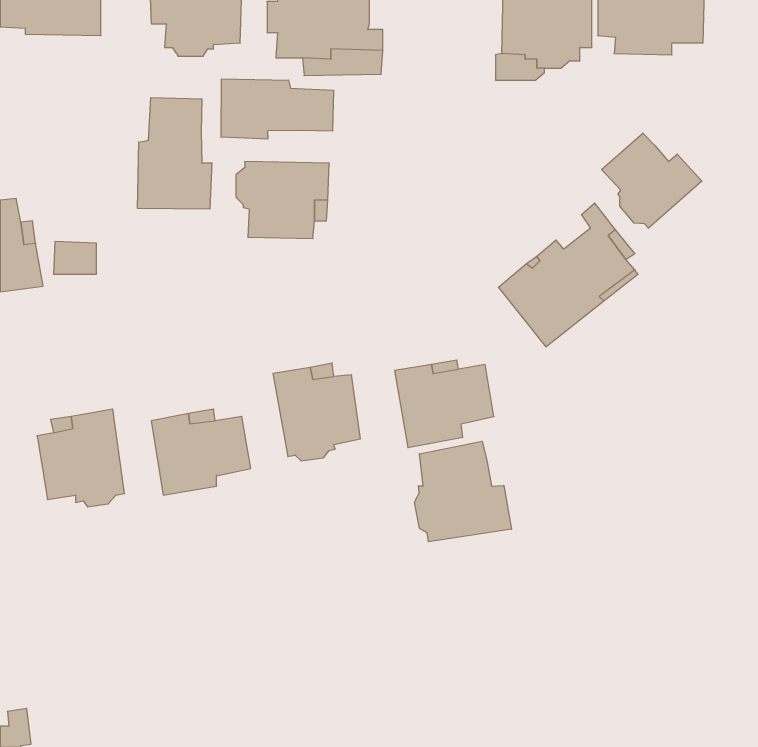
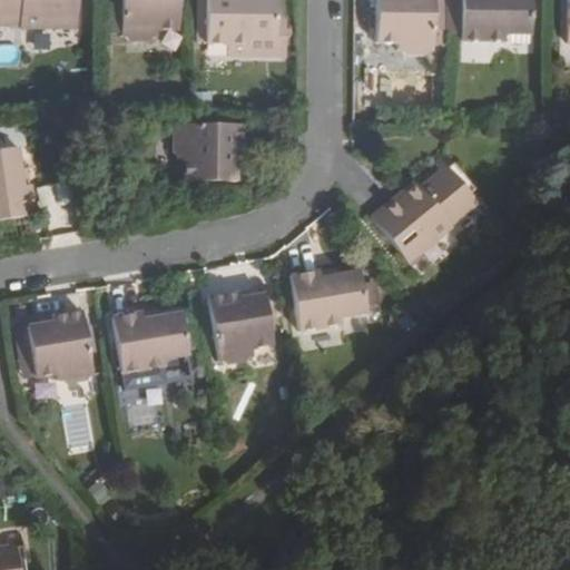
building: [221,79,333,139] -> none
building: [138,98,212,209] -> none
building: [602,133,702,228] -> none
building: [414,441,511,542] -> none

